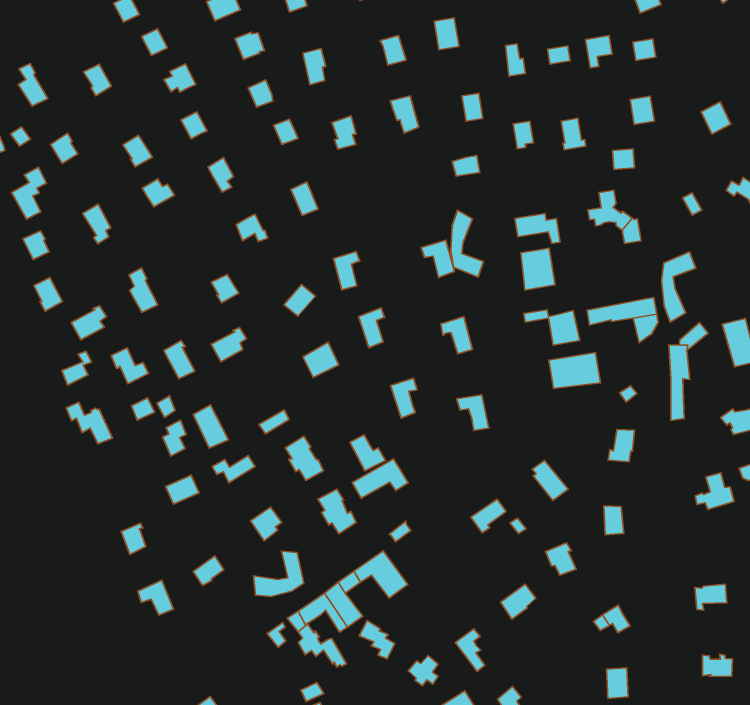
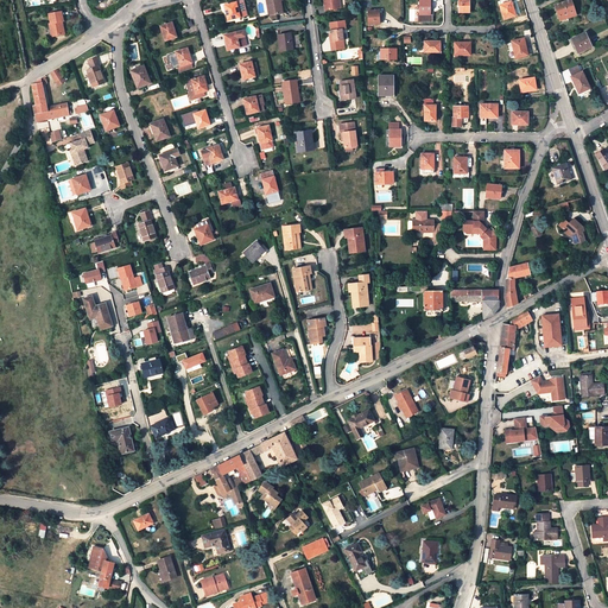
building: [451,210,484,277] -> none
building: [521,248,555,290] -> none
building: [549,352,601,388] -> none
building: [352,459,408,498] -> none
building: [253,551,304,596] -> none

